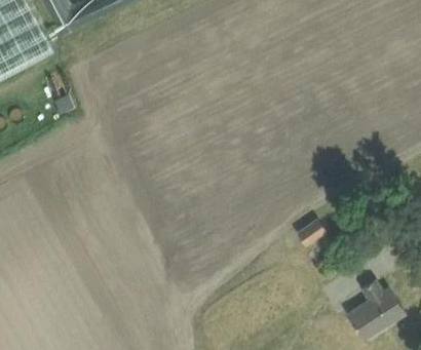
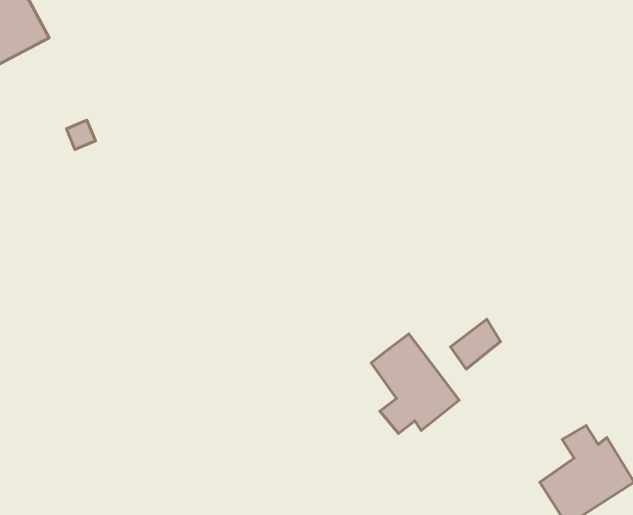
building: none -> [371,334,459,433]

